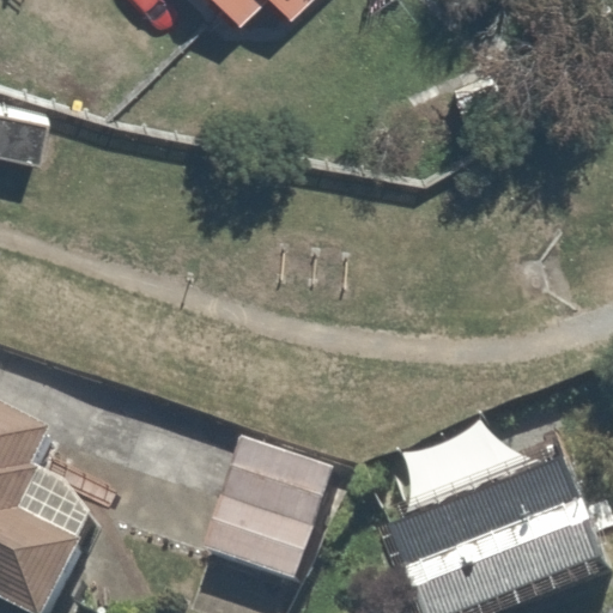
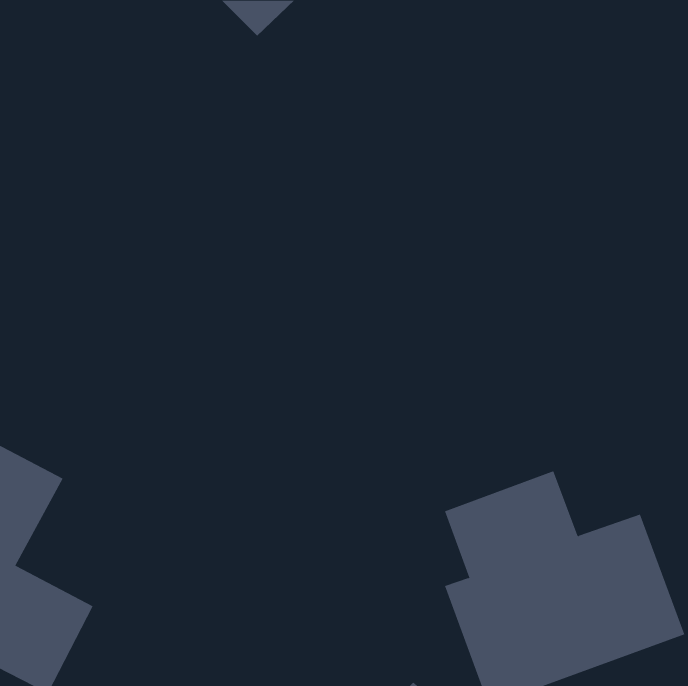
building: [194,426,341,599] -> none

